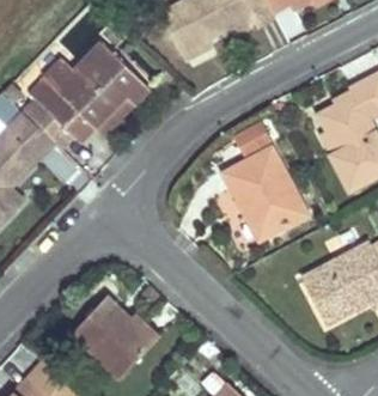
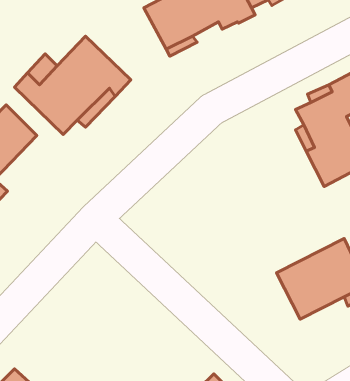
building: [219,146,305,239] -> none
building: [73,294,161,377] -> none

